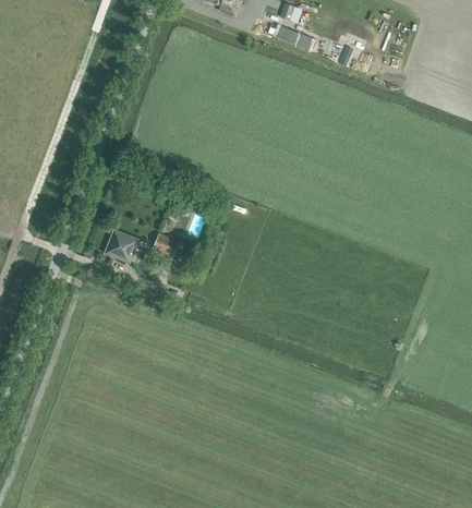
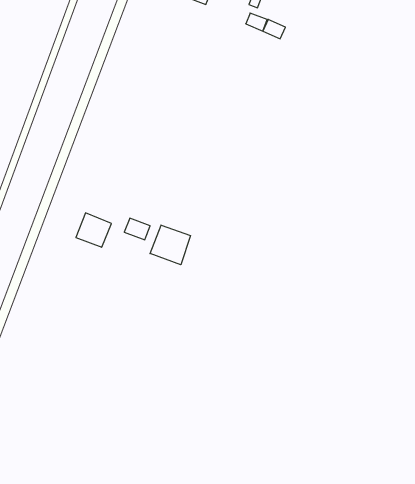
building: none -> [150,225,191,265]

